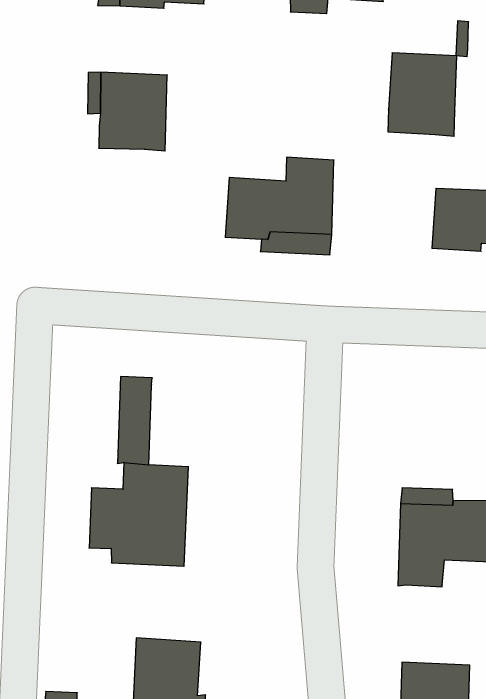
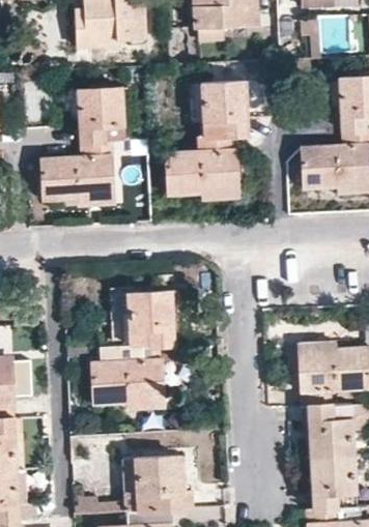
building: [388,53,457,136] -> [202,81,248,135]
building: none -> [44,138,112,197]
building: none -> [130,290,173,344]
building: none -> [308,404,354,458]

